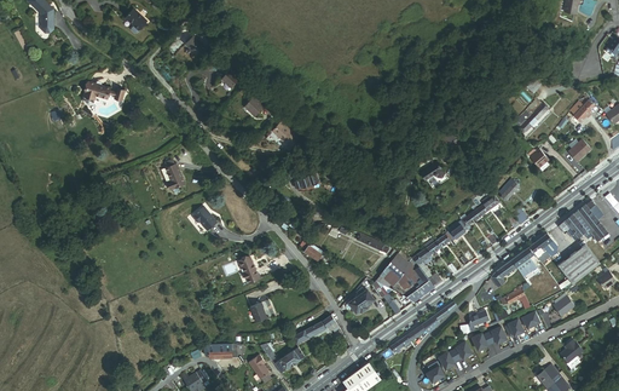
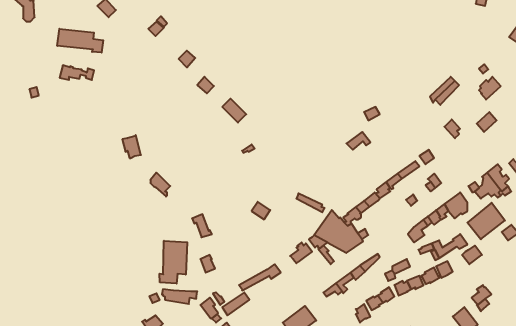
building: none -> [57,29,103,53]
building: none -> [160,241,187,284]

